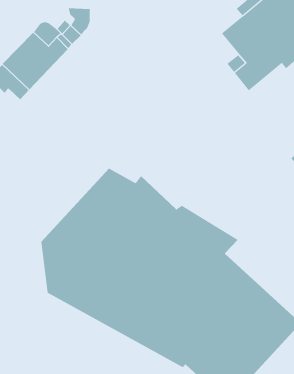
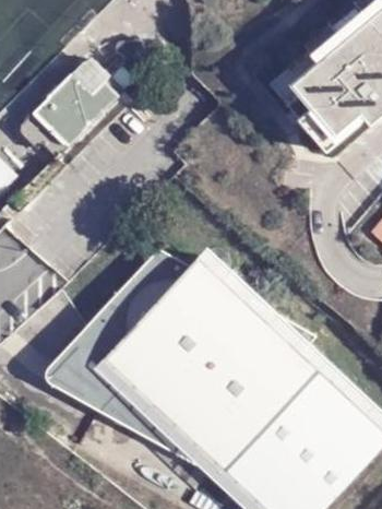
building: none -> [40,334,84,395]

